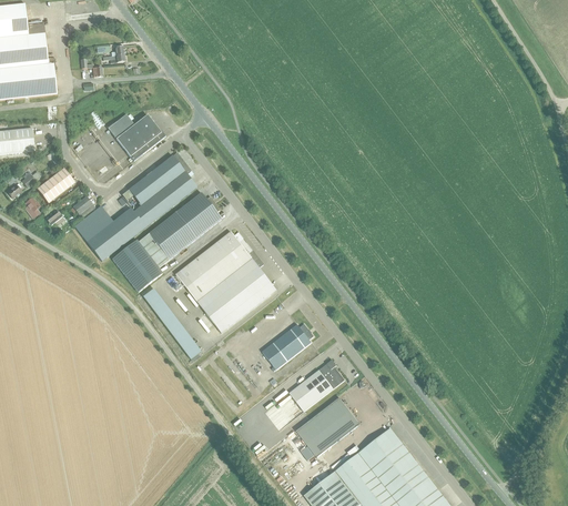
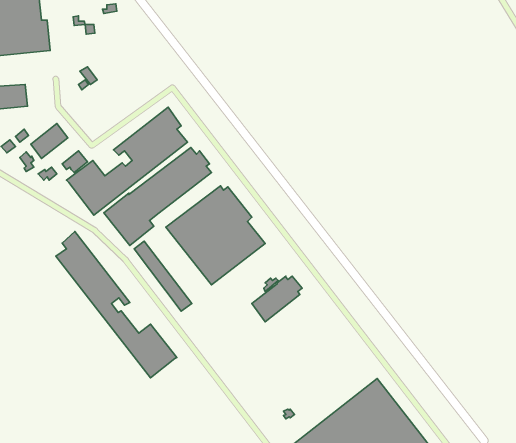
building: [108,115,164,162] -> none
building: none -> [56,232,177,378]
building: [288,360,344,412] -> none
building: [295,398,359,458] -> none

